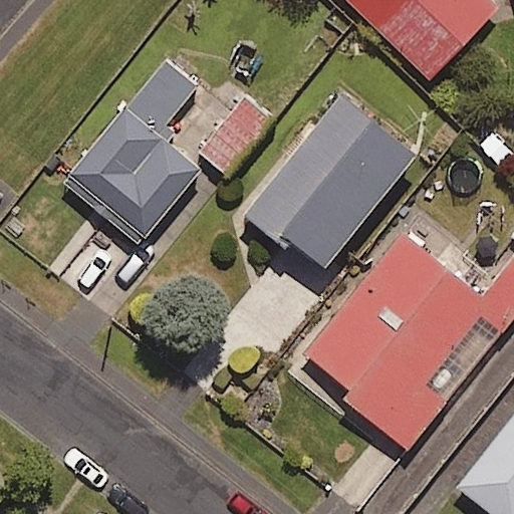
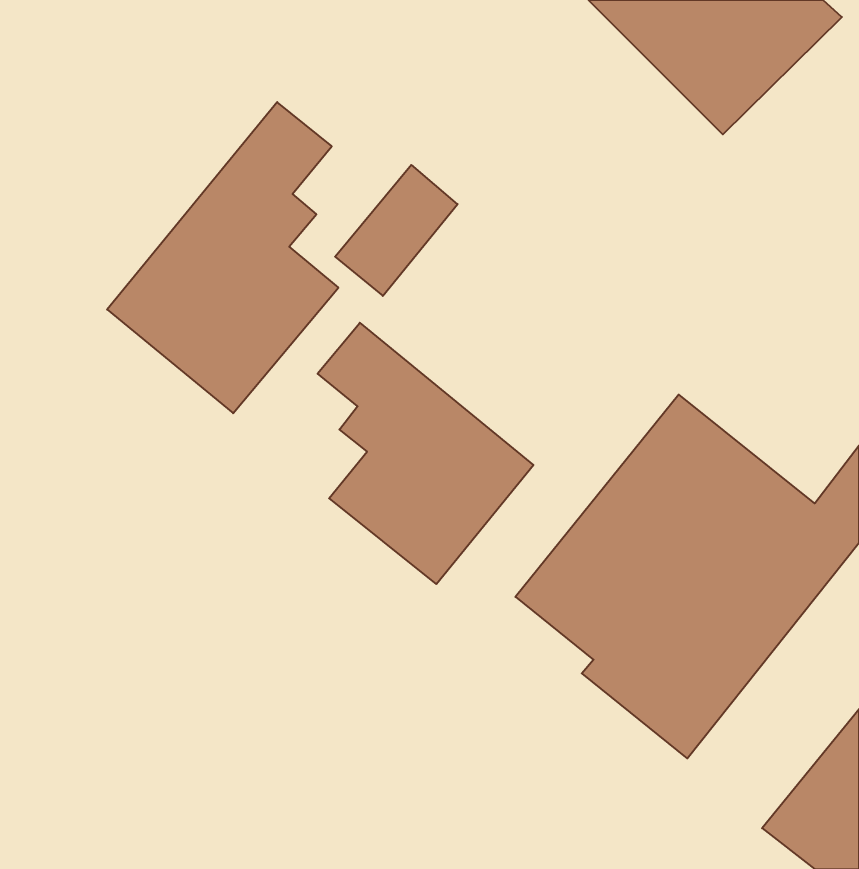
building: [245,95,416,266] -> none
building: none -> [318,323,533,584]

